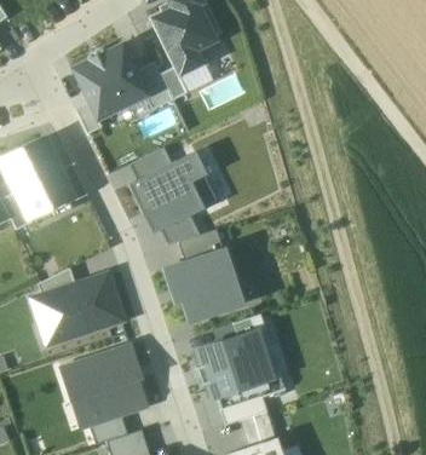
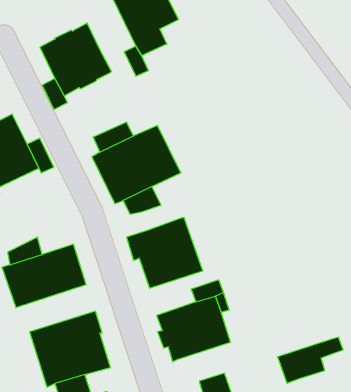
building: [137,61,174,108] -> none
building: [180,229,223,260] -> none
building: [218,375,287,424] -> [277,337,343,383]

